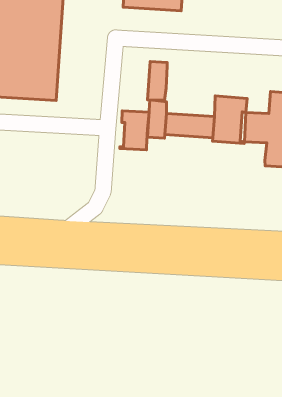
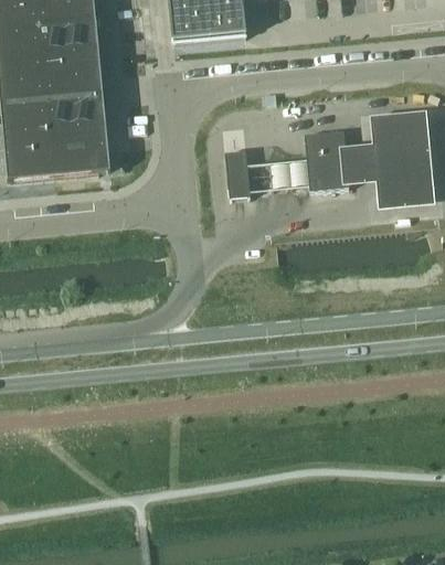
building: [148,61,167,100] -> none
building: [120,111,149,150] -> none

